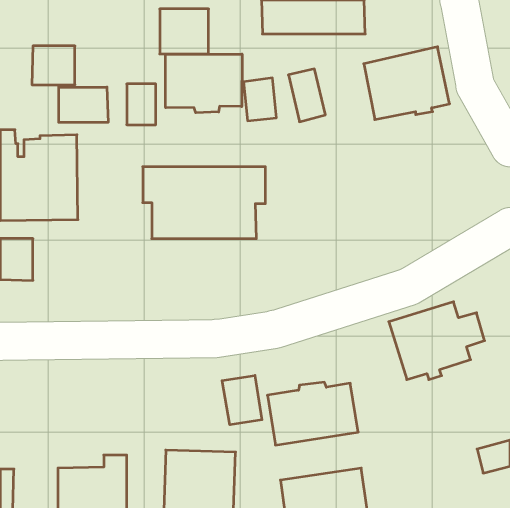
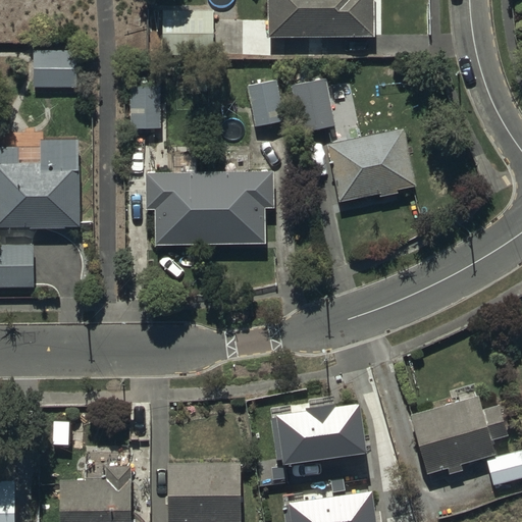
building: [364,47,450,120] -> [327,127,415,202]
building: [166,54,242,113] -> none
building: [59,87,108,122] -> none
building: [389,302,485,380] -> [410,396,508,475]
building: [222,375,262,425] -> none

